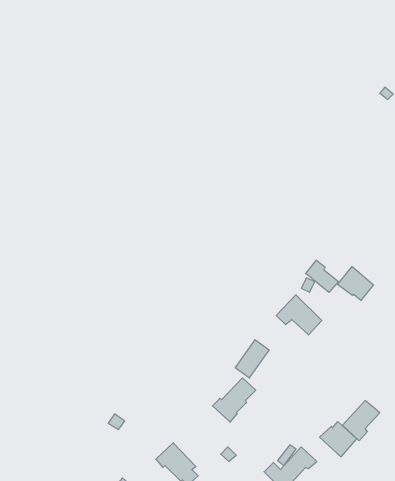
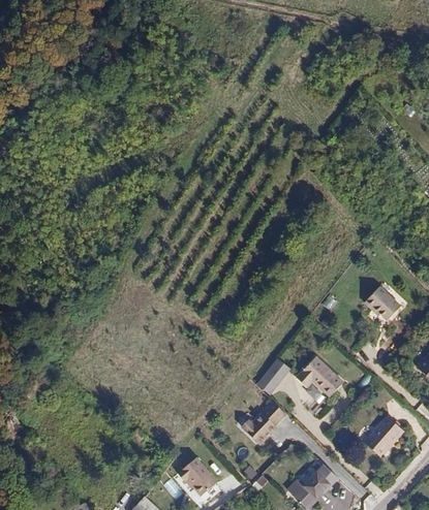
building: [306,260,338,292] -> none
building: [276,295,322,335] -> [297,358,342,399]
building: [320,422,356,457] -> none

